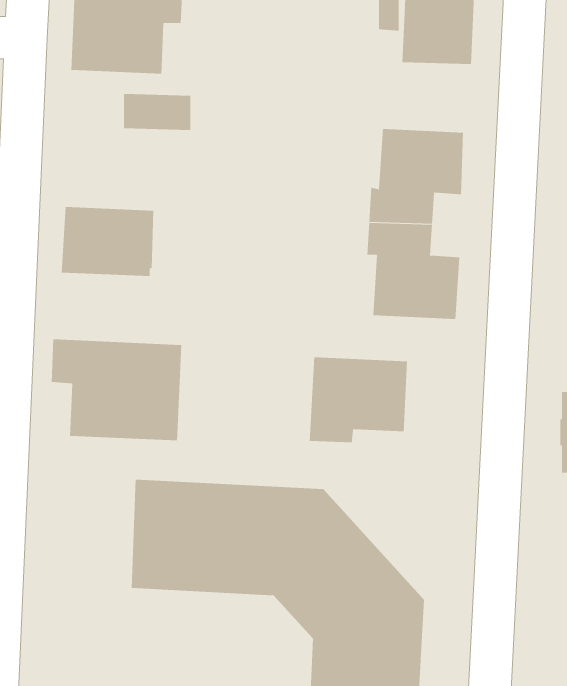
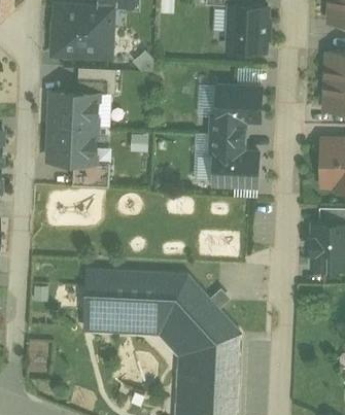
building: none -> [49,92,98,129]
building: [51,338,182,441] -> none
building: [309,356,407,443] -> none

